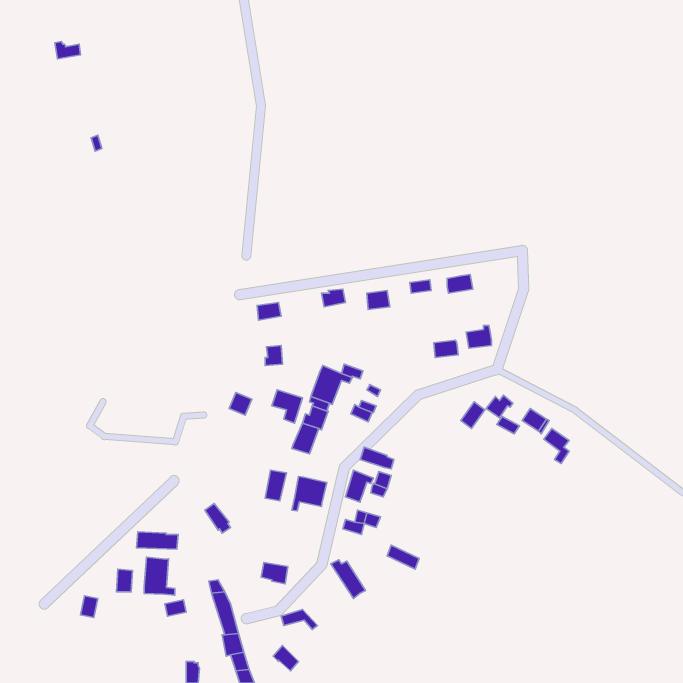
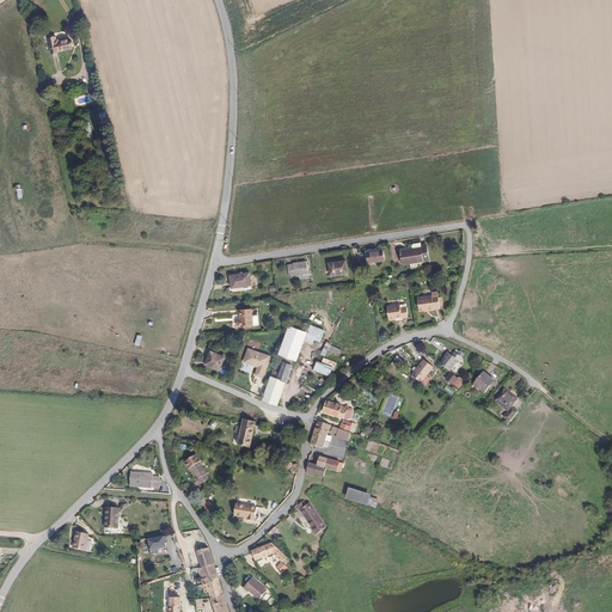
building: [292,477,327,511] -> none
building: [144,557,175,595] -> none

